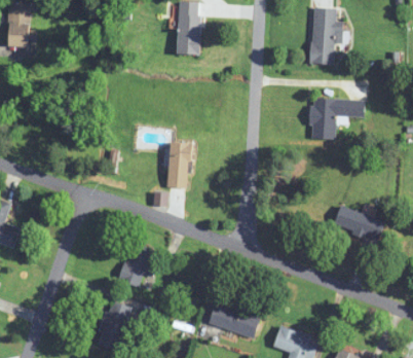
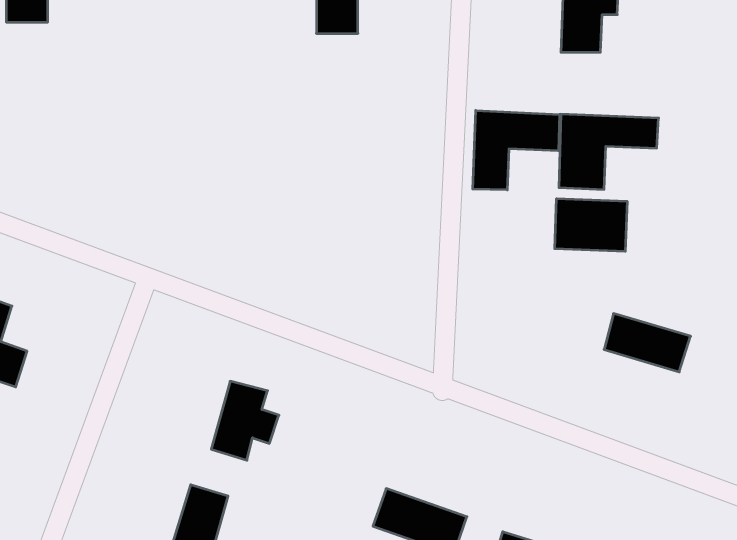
building: none -> [473,110,560,190]
building: [166,142,190,188] -> none
building: none -> [555,199,627,251]

